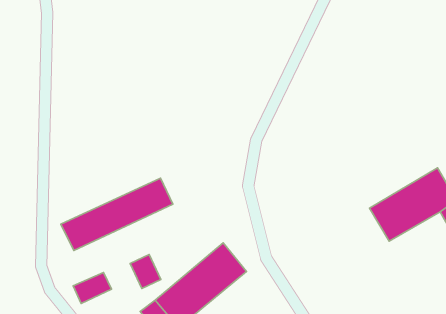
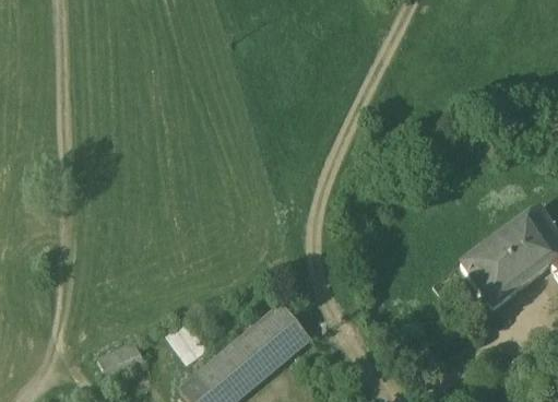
building: [61,178,173,250] -> none

